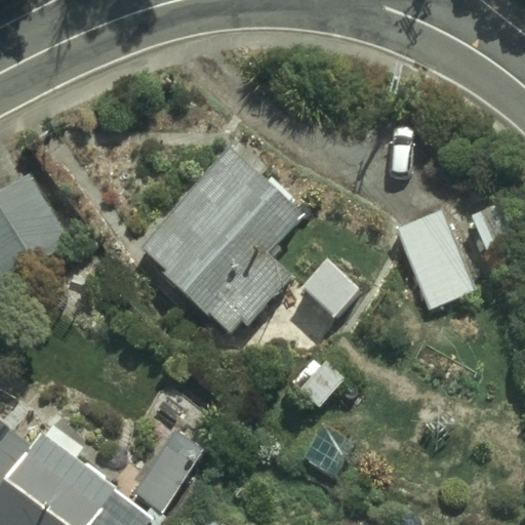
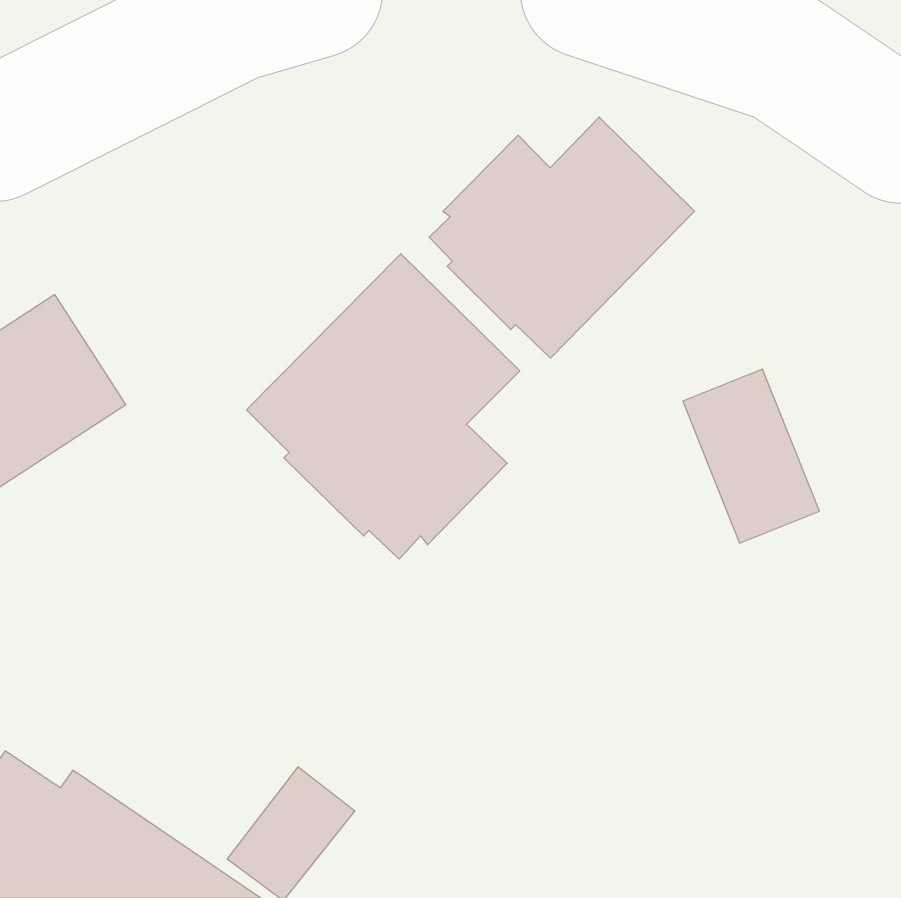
building: none -> [429,117,695,358]

